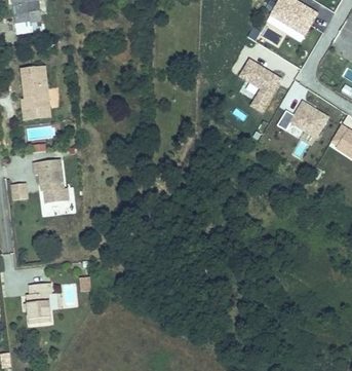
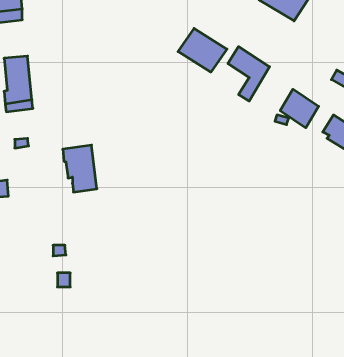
building: none -> [178,28,227,72]
building: [33,161,66,207] -> [63,145,97,192]
building: [30,285,54,326] -> none

